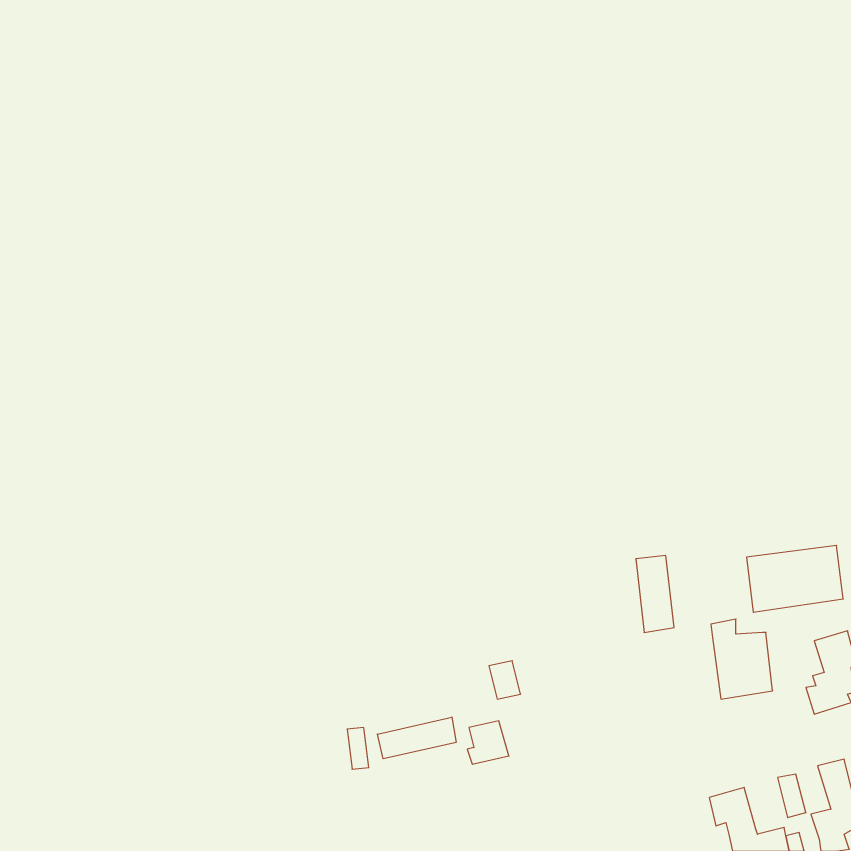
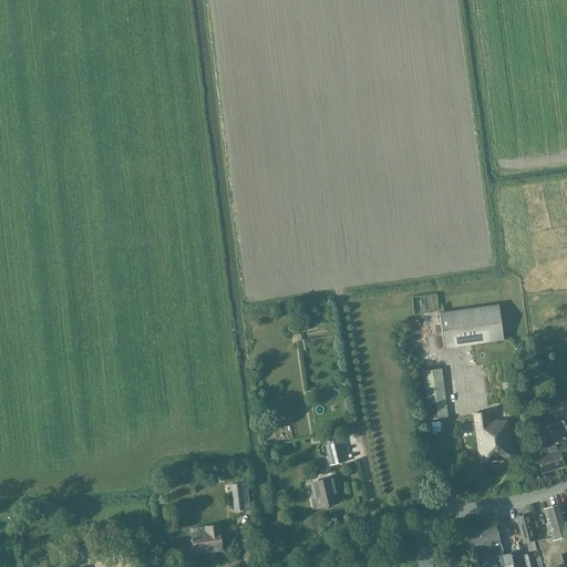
building: [747,545,843,612] -> [440,305,504,349]
building: [377,717,456,759] -> none
building: none -> [190,525,224,554]

